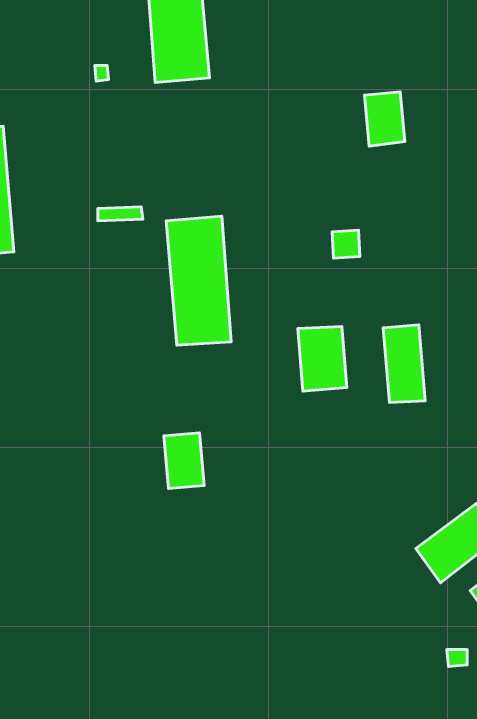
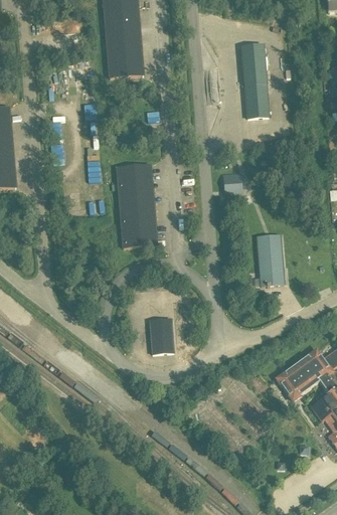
building: none -> [240,42,267,84]
building: [298,327,347,391] -> none
building: [164,433,204,489] -> [148,317,174,353]

